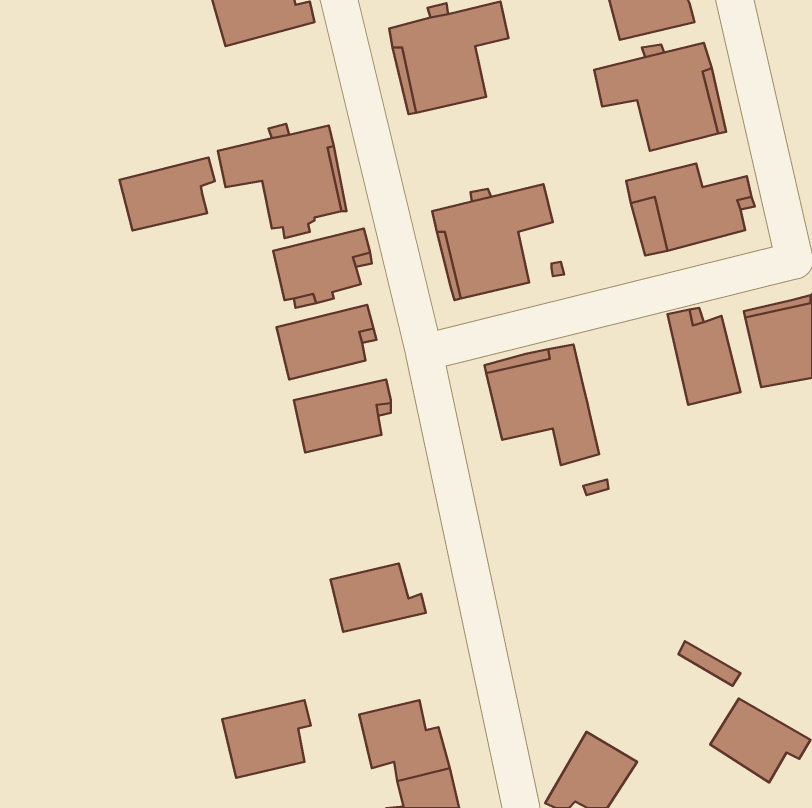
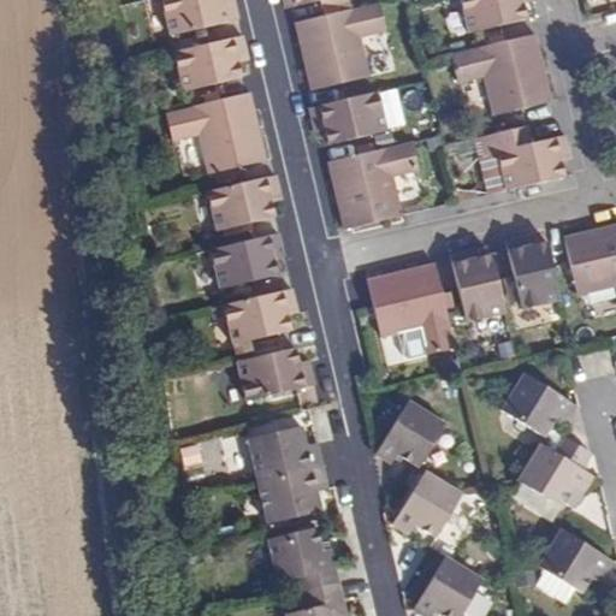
building: none -> [309,90,385,143]
building: [120,157,215,230] -> [174,34,247,89]
building: none -> [450,248,504,319]
building: none -> [236,348,312,401]
building: none -> [498,373,575,437]
building: none -> [377,398,445,466]
building: none -> [517,442,593,507]
building: none -> [395,469,462,537]
building: [222,700,311,778] -> [260,464,327,523]

